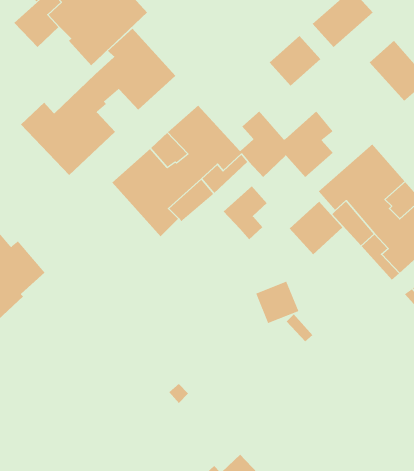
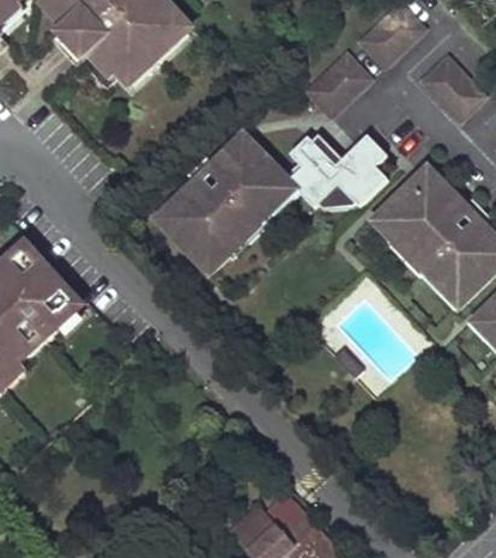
building: [20,28,176,176] -> none
building: [223,185,267,240] -> none
building: [289,201,343,255] -> none
building: [255,281,299,324] -> none

